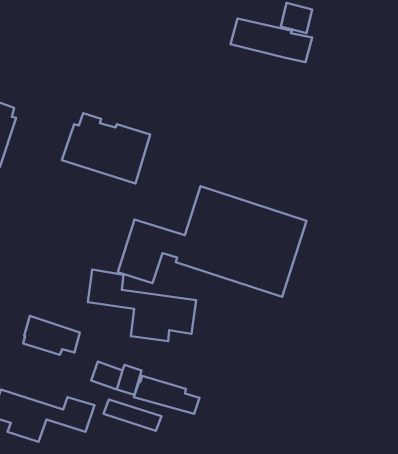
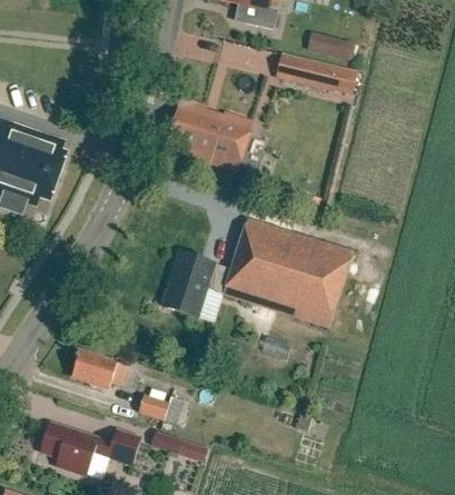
building: [62,113,150,184] -> [164,99,251,169]
building: [88,270,196,341] -> none
building: [134,376,200,414] -> none

